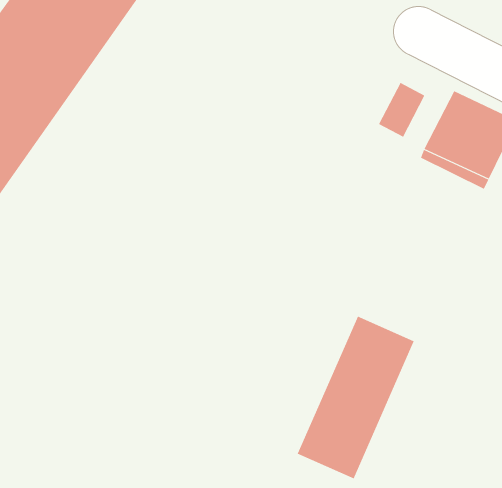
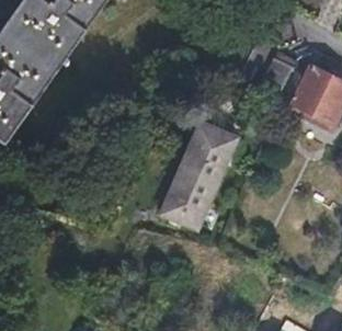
building: [297,316,415,479] -> [159,122,236,228]

